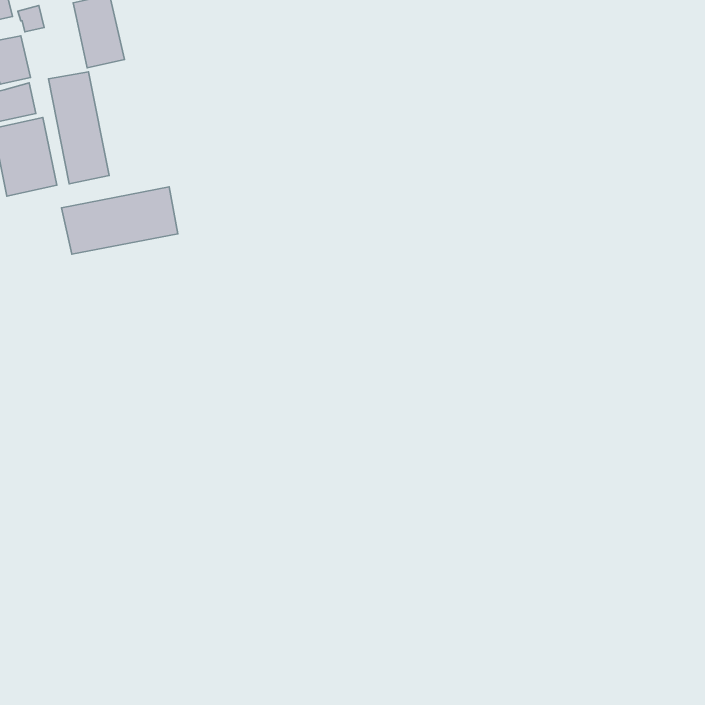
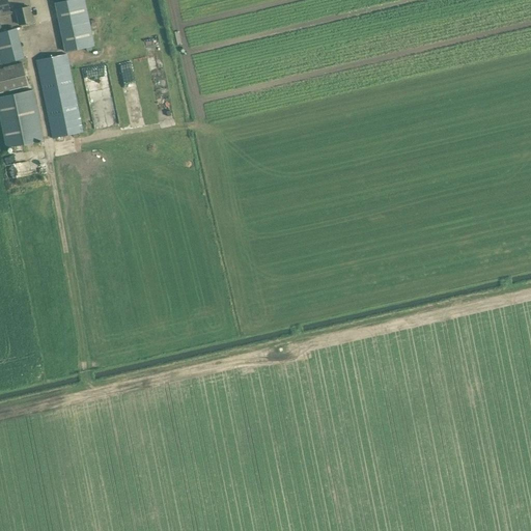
building: [62,187,178,254] -> none

